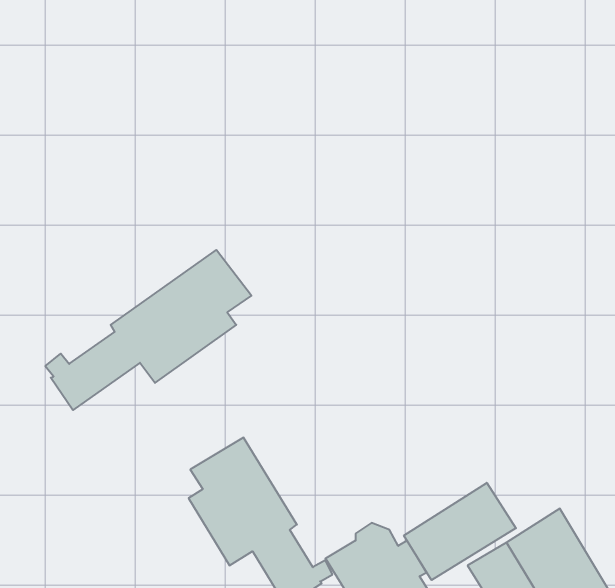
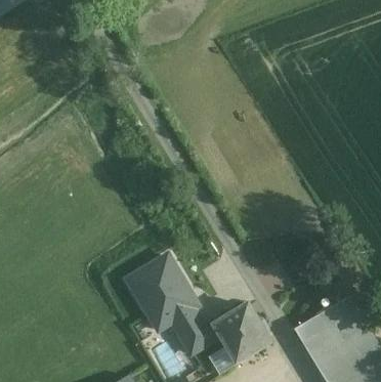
building: [45,250,251,410] -> none
building: [404,483,516,580] -> none

